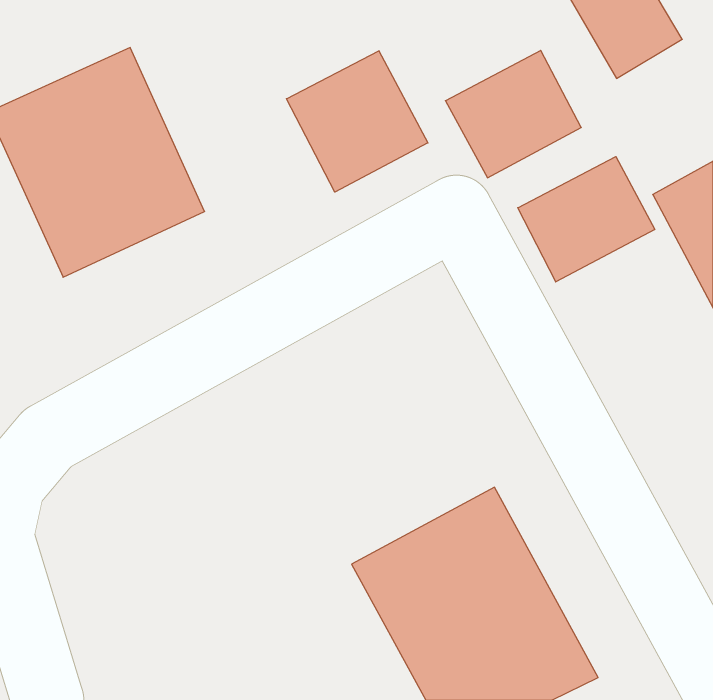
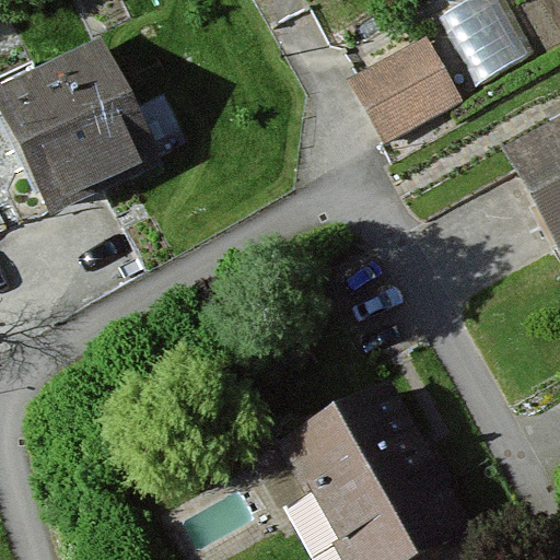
building: [286,51,428,192] -> none
building: [518,157,655,282] -> none

